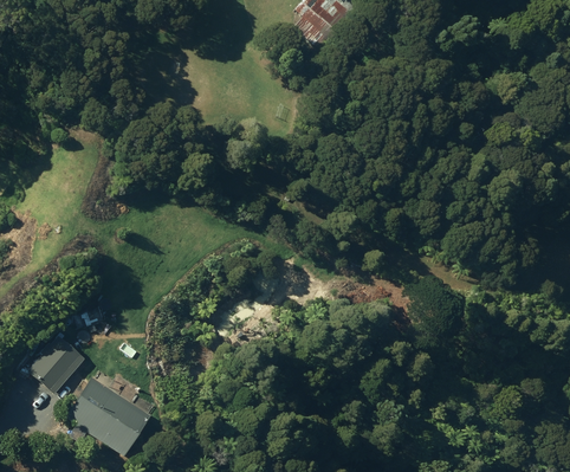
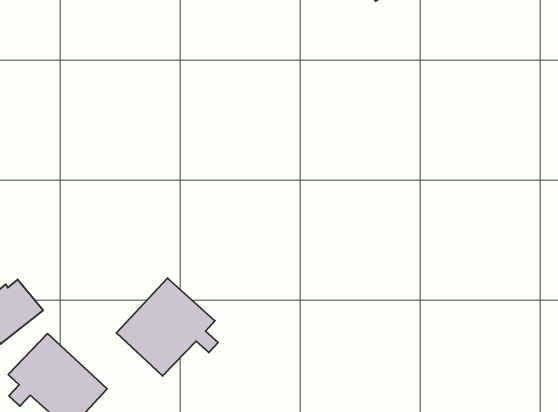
building: none -> [116,278,218,376]

